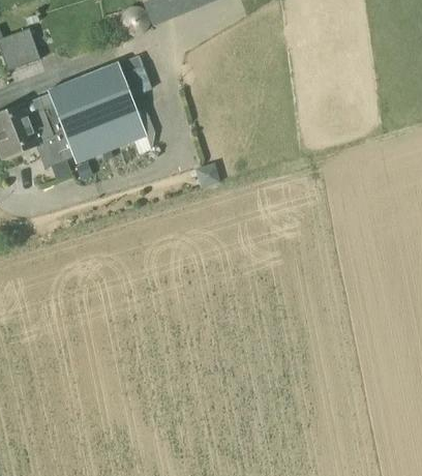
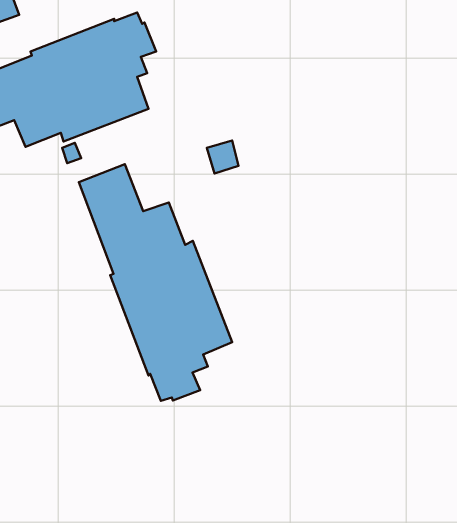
building: none -> [79,164,232,401]

